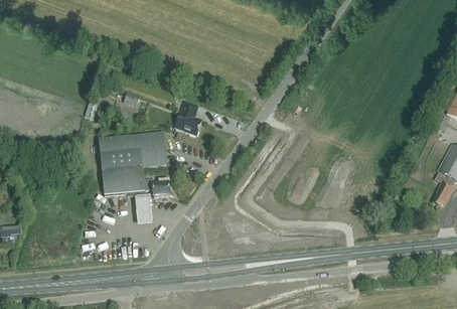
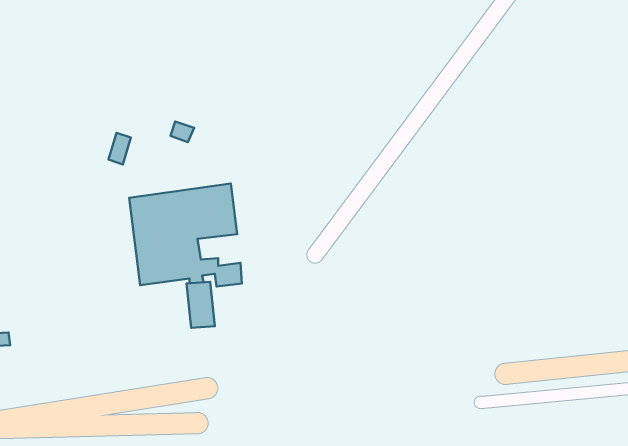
building: [175,101,200,134] -> none

